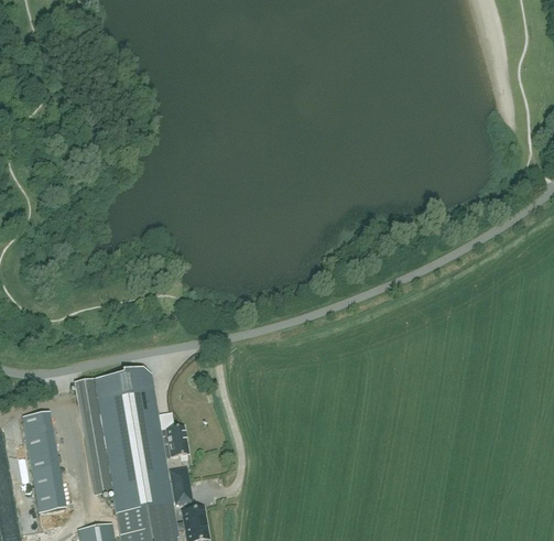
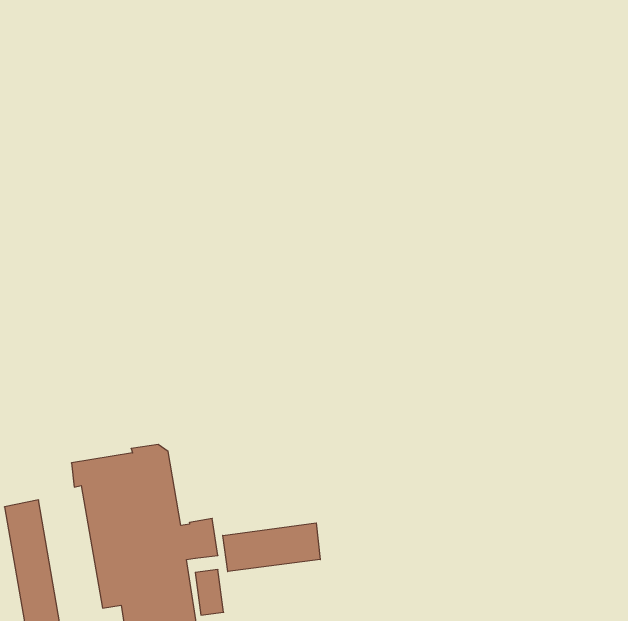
building: none -> [223,523,320,572]

